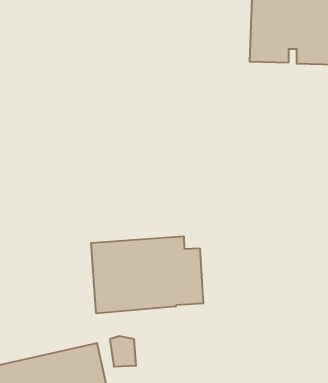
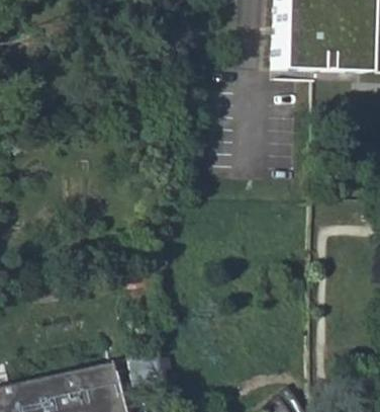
building: [91,236,203,313] -> none

